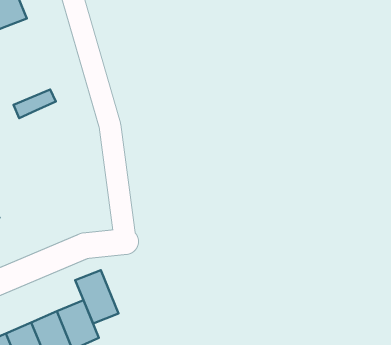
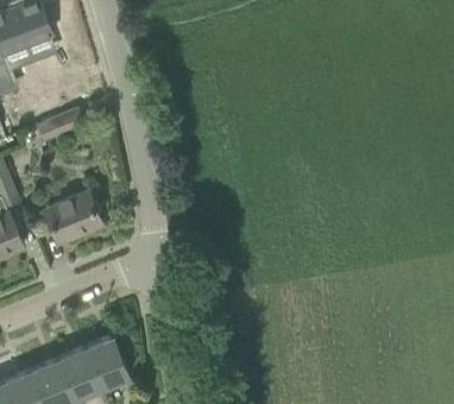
building: none -> [44,192,100,244]
building: [75,270,119,324] -> none

